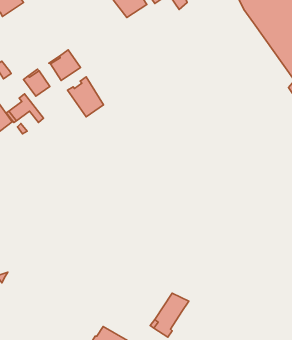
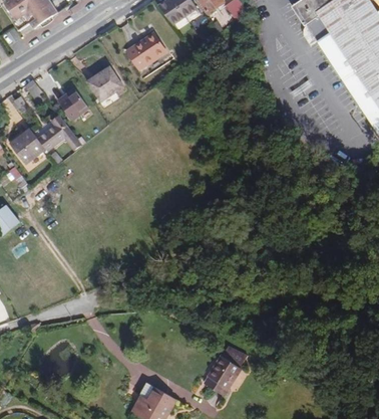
building: none -> [126,33,165,69]
building: [67,77,104,117] -> none

